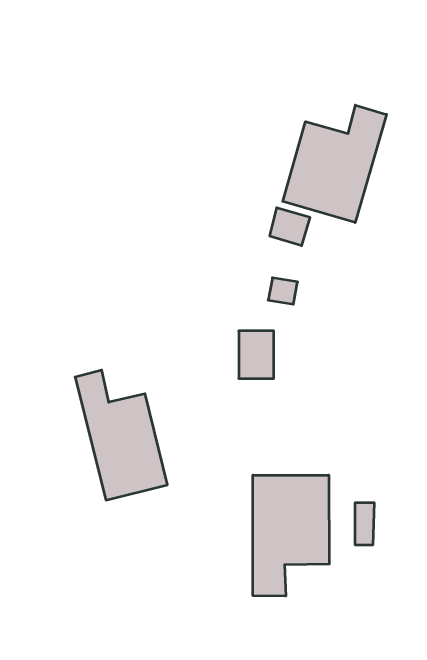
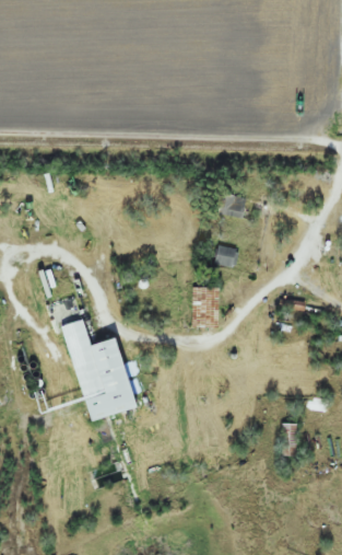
building: [283,105,387,223] -> none
building: [253,475,329,596] -> none

